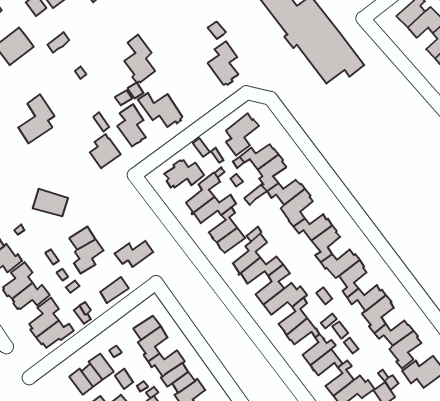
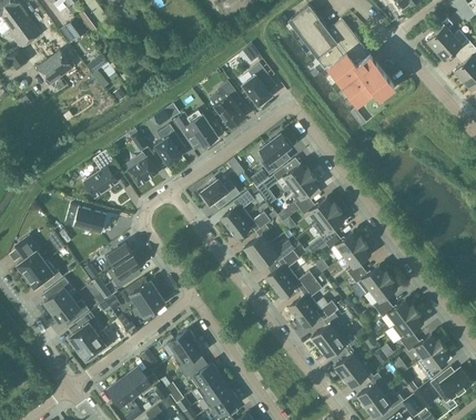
building: [124,34,155,83] -> [213,81,243,127]
building: [18,94,55,143] -> [83,150,119,197]
building: [114,241,153,267] -> [119,280,156,306]

